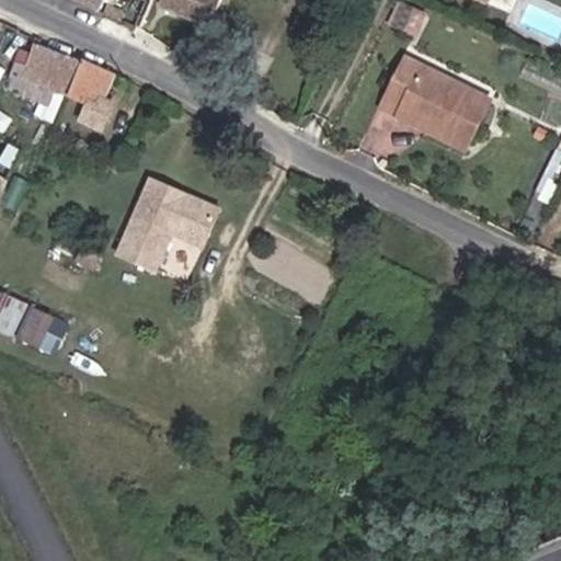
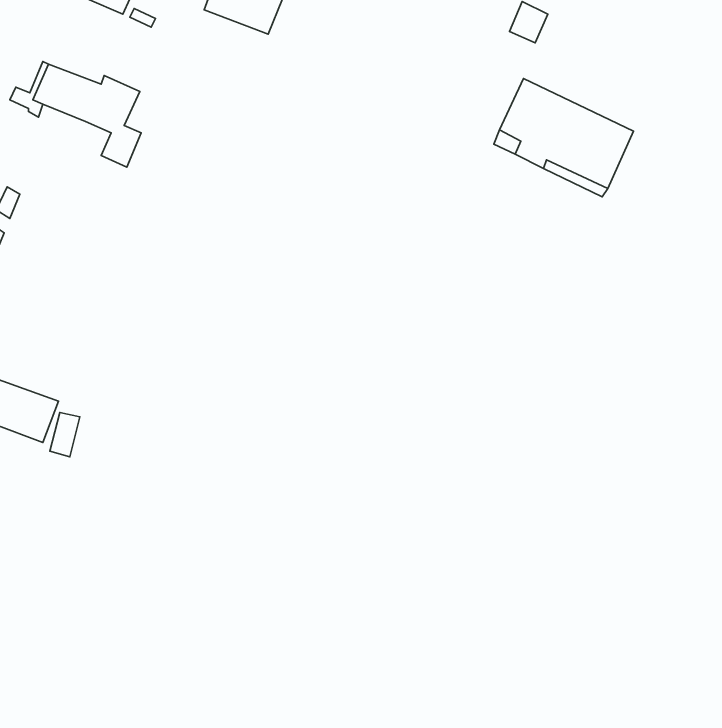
building: [118,178,219,268] -> none

